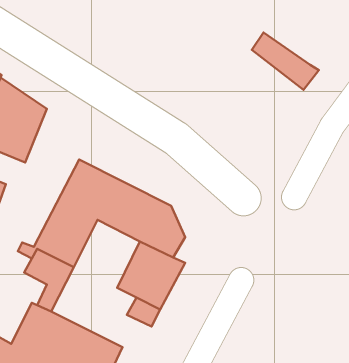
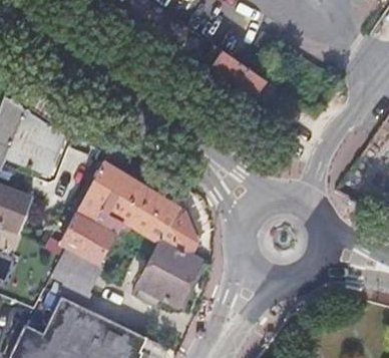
building: [252,33,319,90] -> [201,42,263,95]

